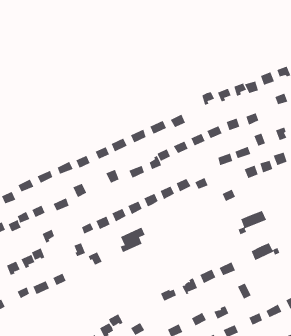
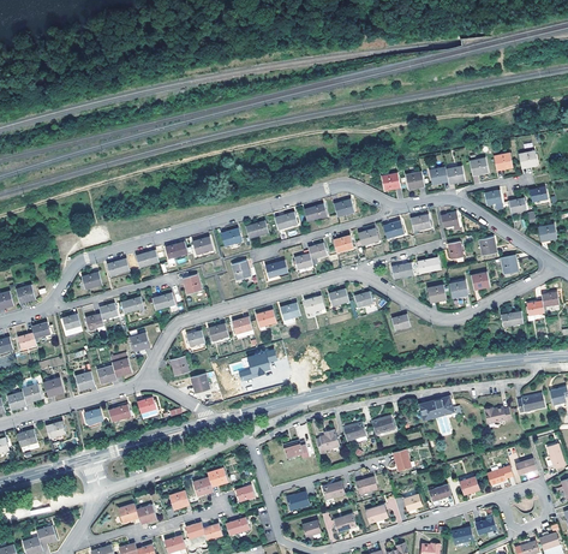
building: [238,210,267,235] -> none

